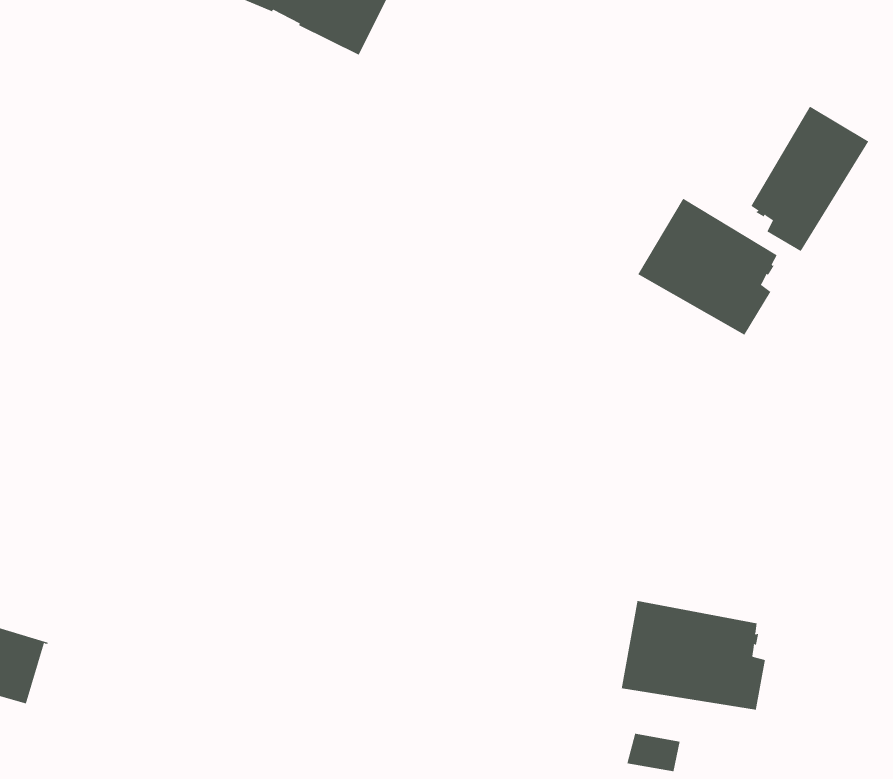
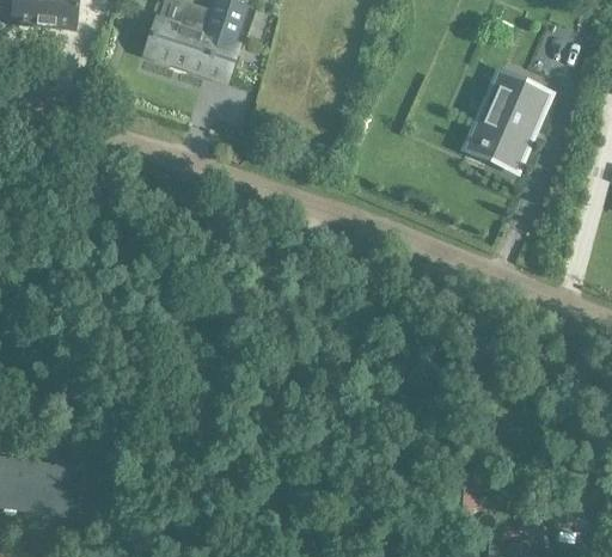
building: [637,198,777,335] -> none
building: [621,600,765,711] -> none

